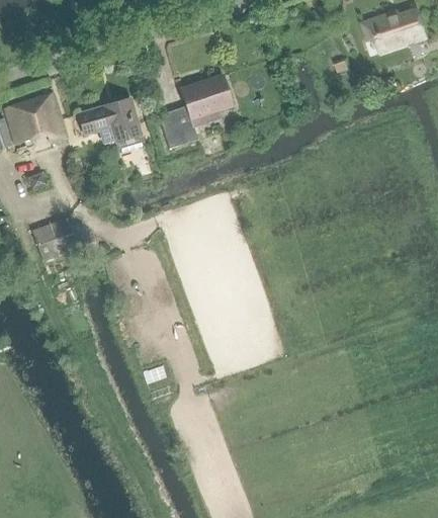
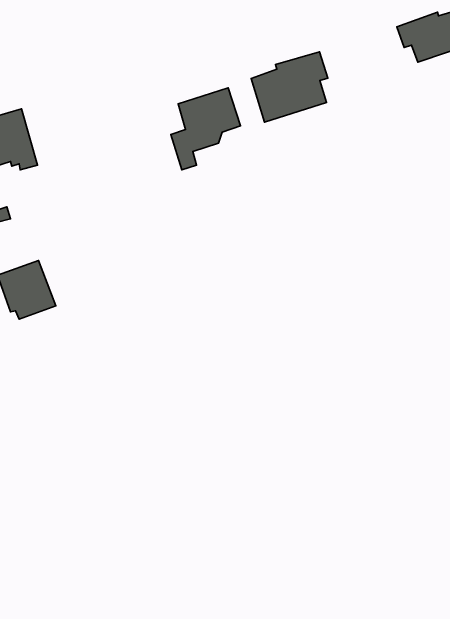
building: none -> [251,52,328,122]
building: [77,99,140,141] -> none

